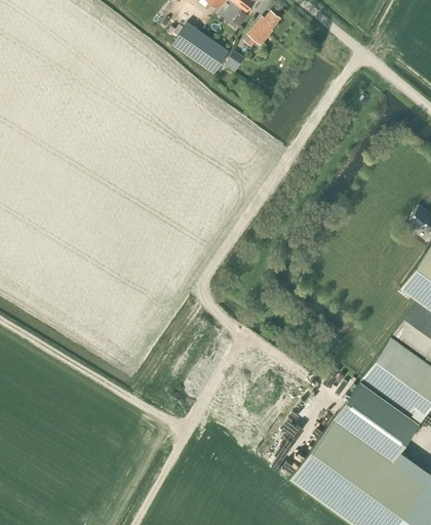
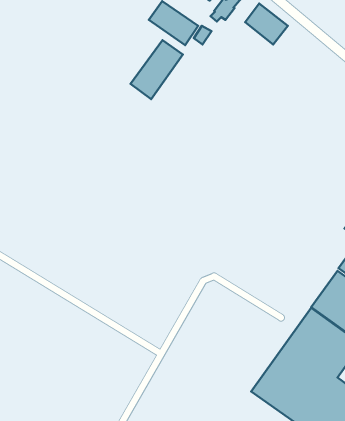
building: none -> [245,4,288,45]
building: none -> [130,40,183,99]

